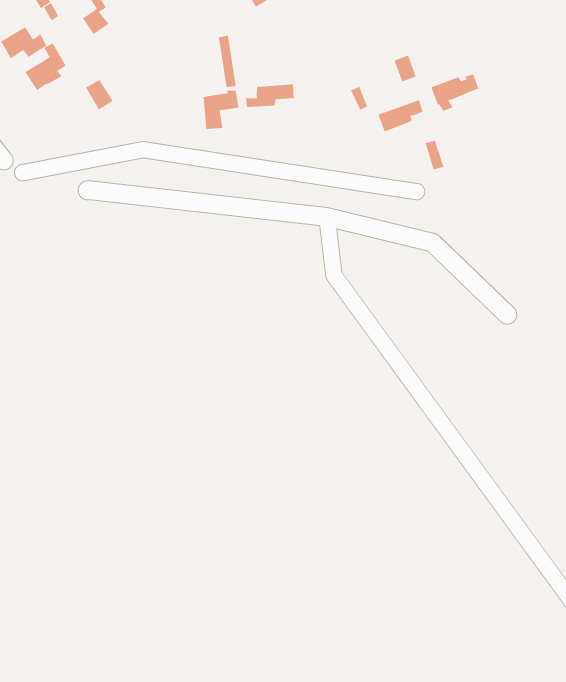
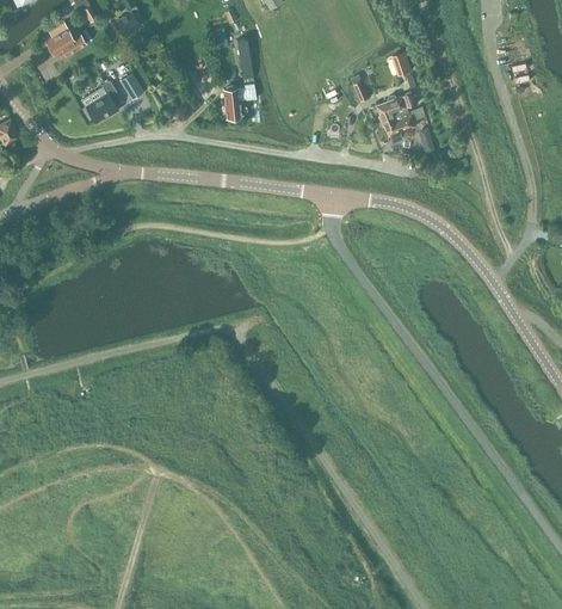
building: [25,42,67,91] -> [84,80,121,123]
building: [431,74,479,112] -> [382,109,425,142]
building: [245,83,294,108] -> none

